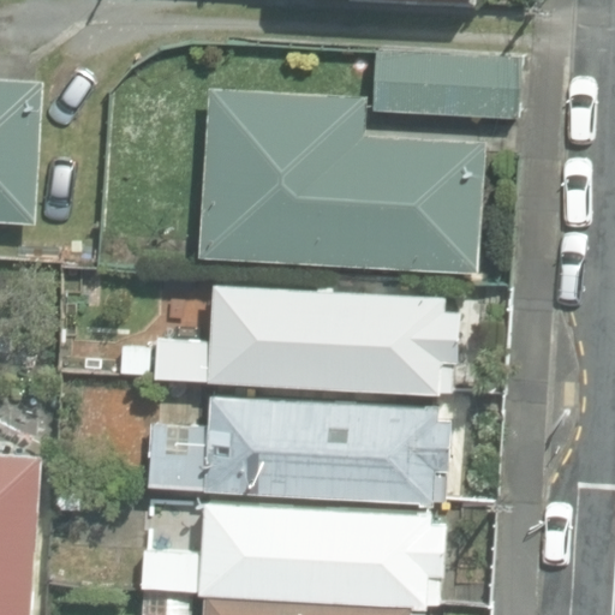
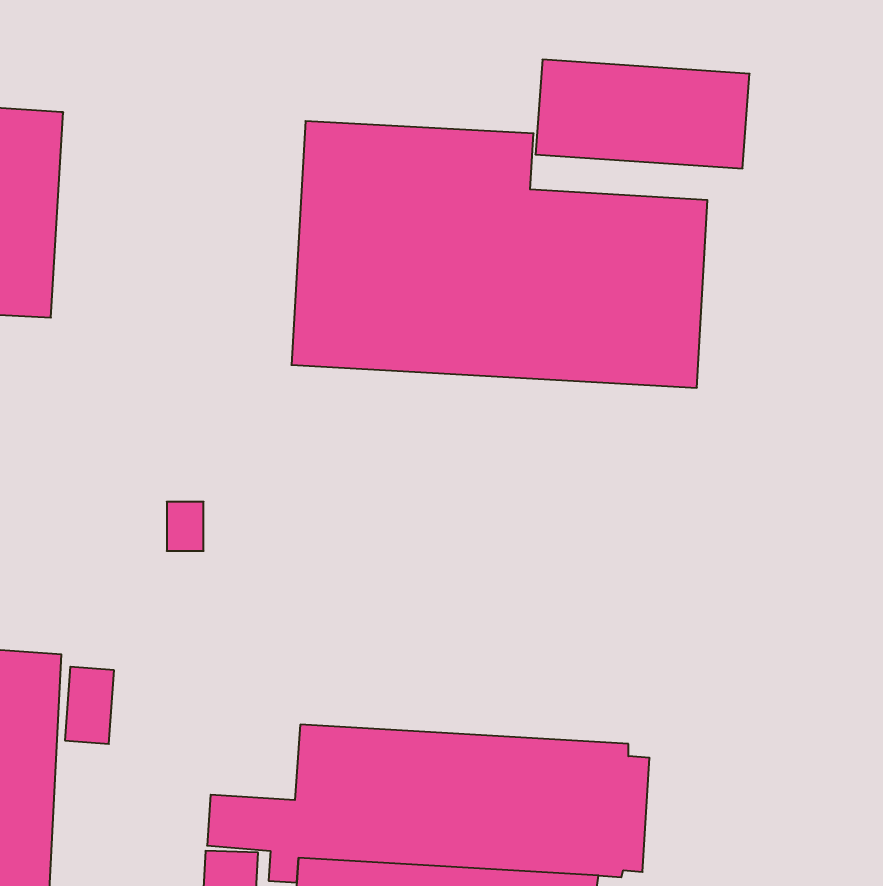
building: [156,287,456,394] -> none
building: [148,398,450,503] -> none

